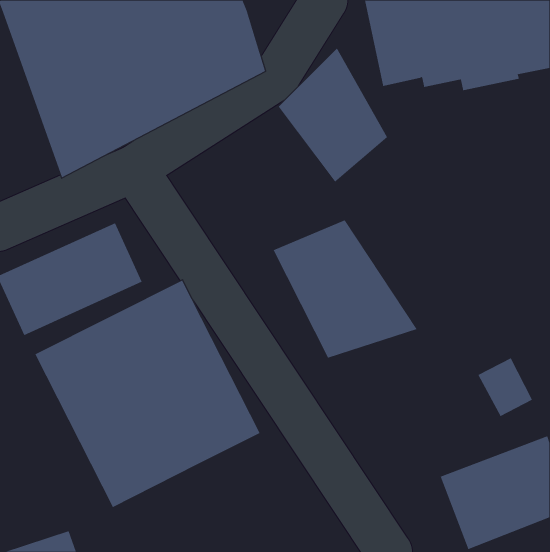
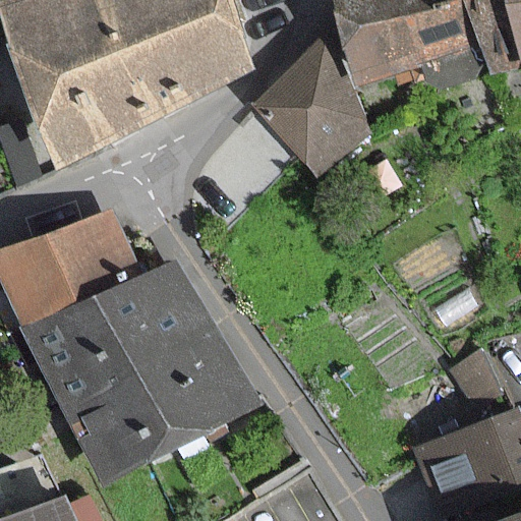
building: [273,219,418,358] -> none

